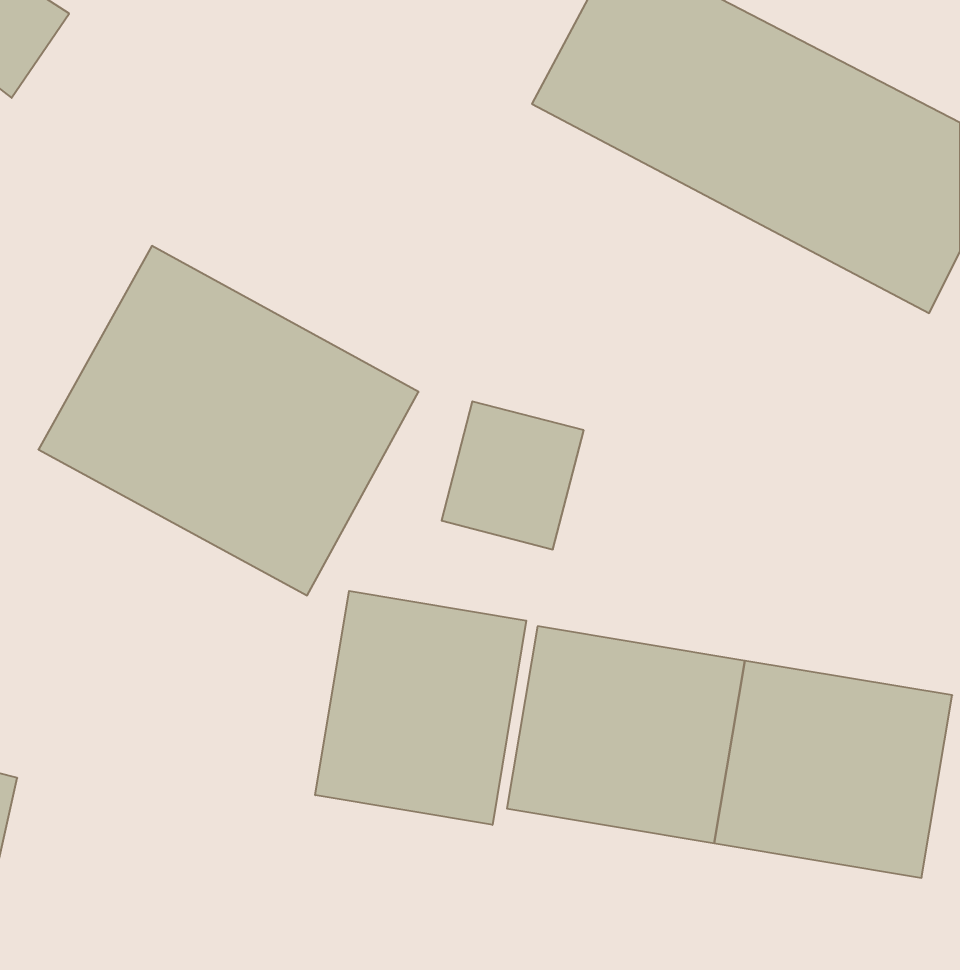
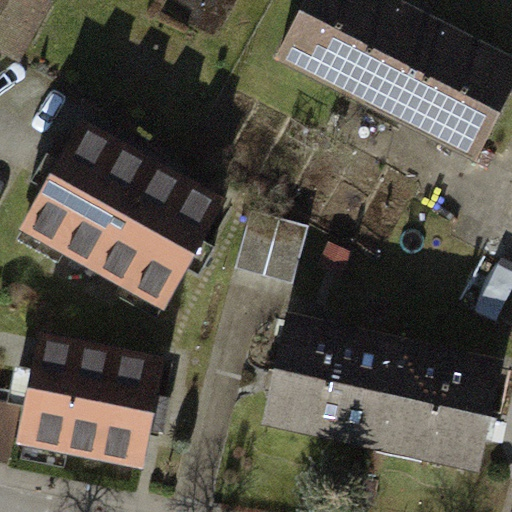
building: [315,591,526,825] -> none
building: none -> [21,350,161,462]

